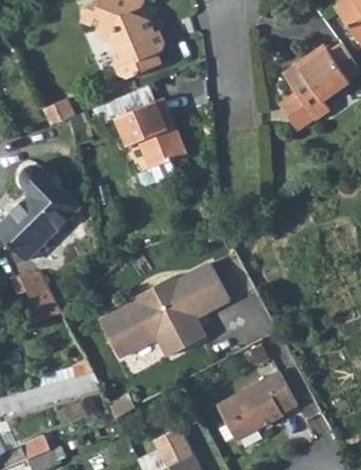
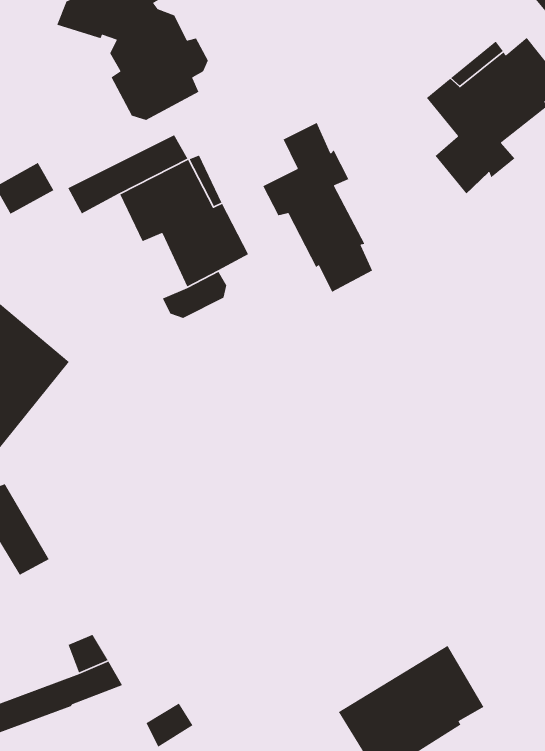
building: none -> [262,122,373,293]
building: [98,264,227,359] -> none

